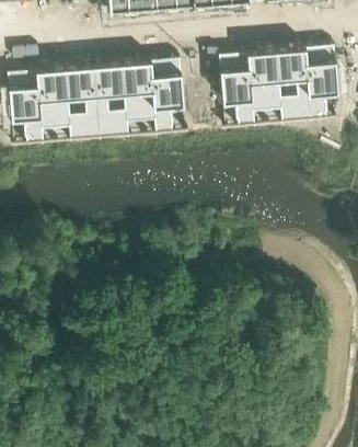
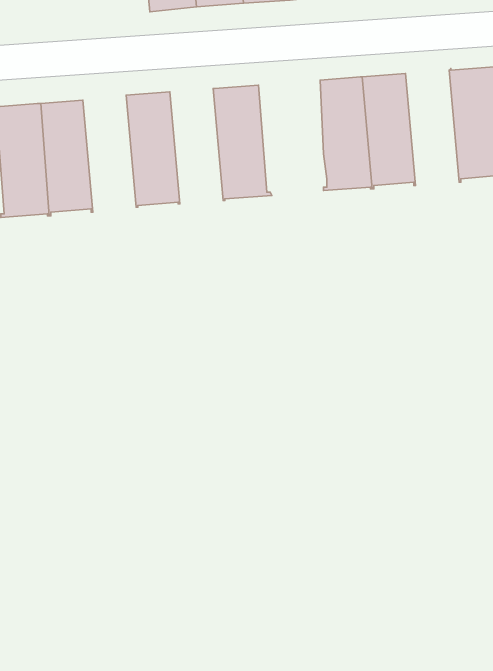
building: [275,48,310,124] -> none
building: [120,60,155,136] -> none
building: [63,65,99,141] -> none

